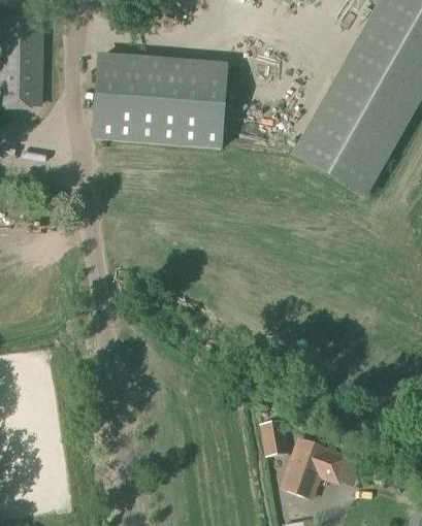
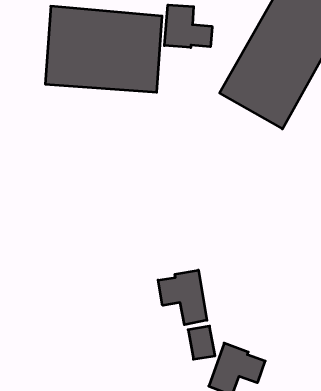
building: none -> [164,5,212,48]
building: none -> [158,270,207,325]

